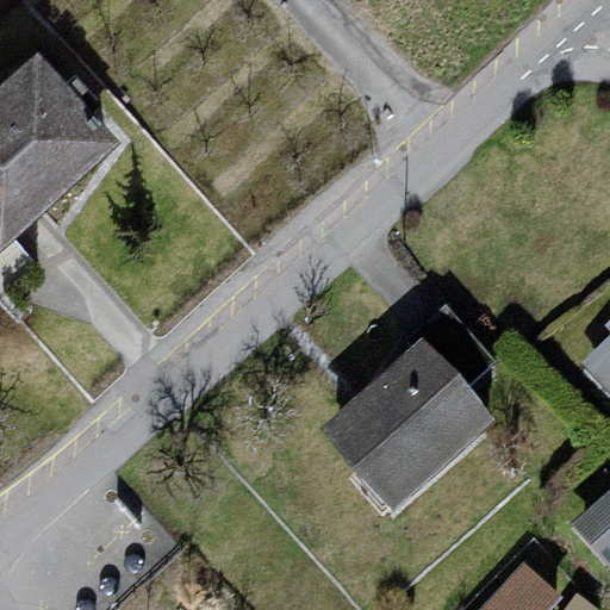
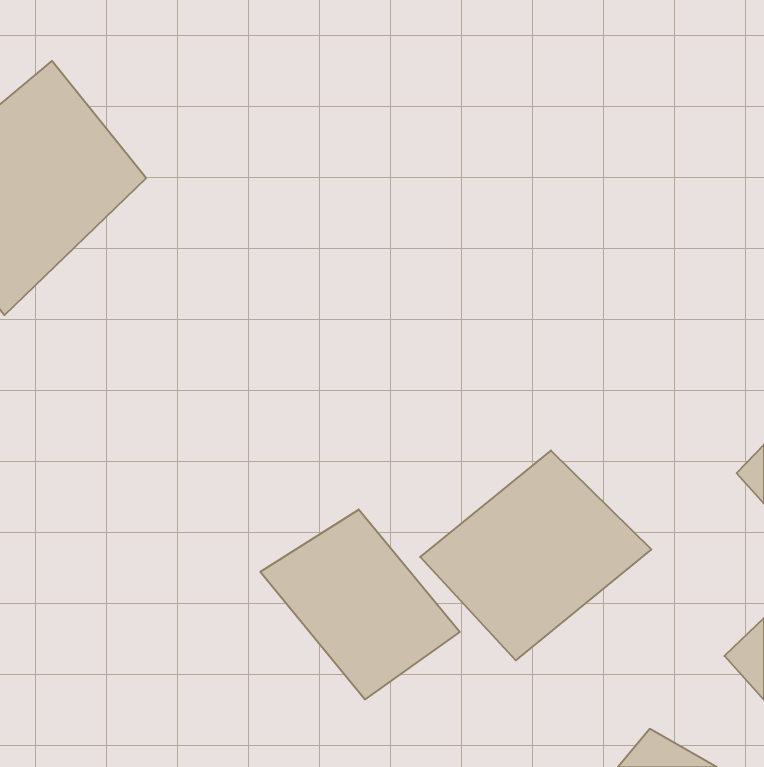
building: none -> [260,509,460,699]

